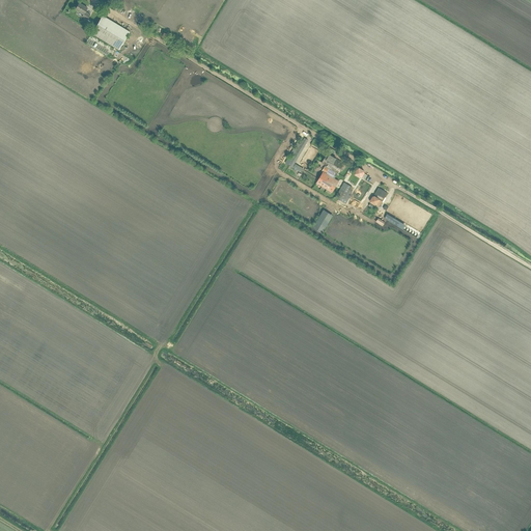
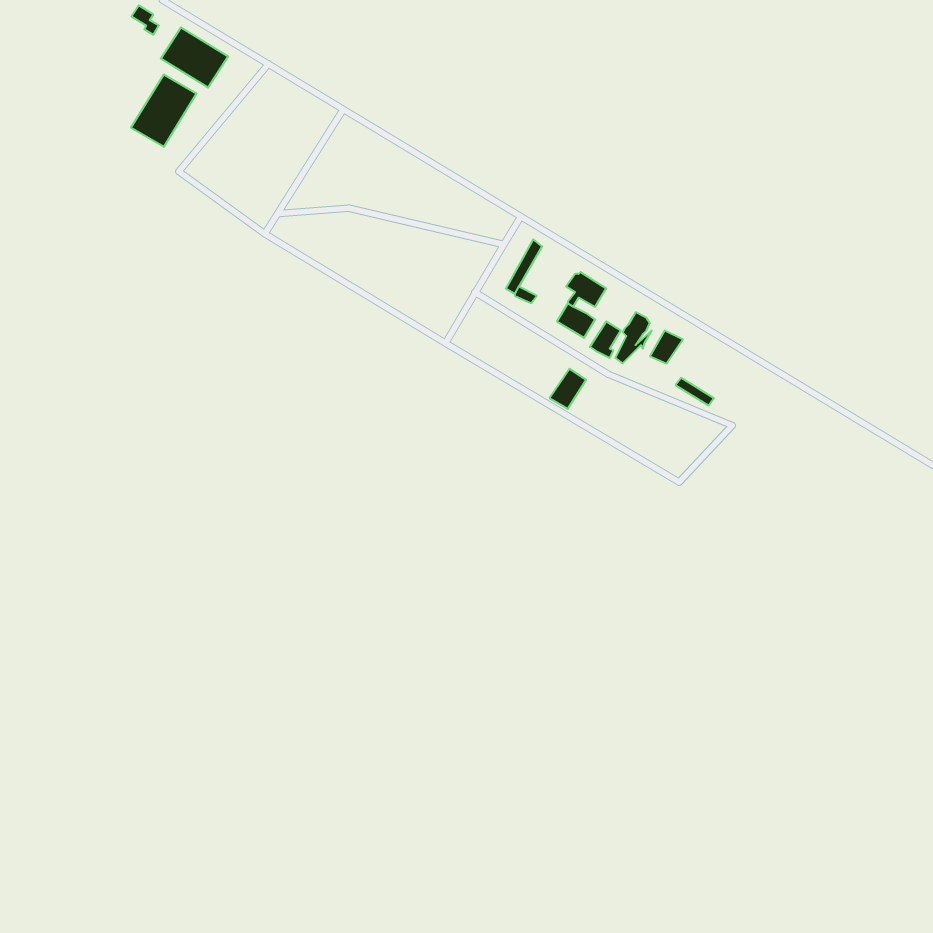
building: none -> [131,74,197,147]

